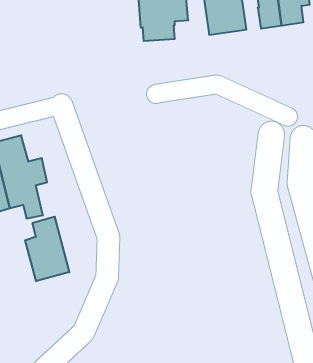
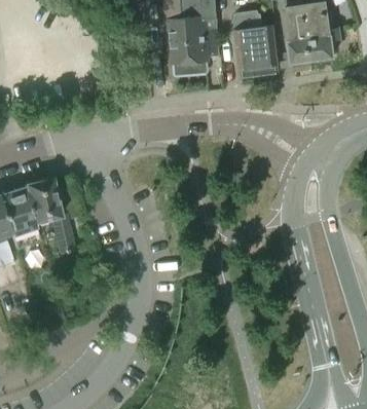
building: [25,217,69,281] -> none

